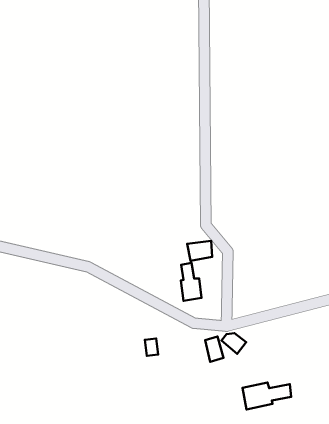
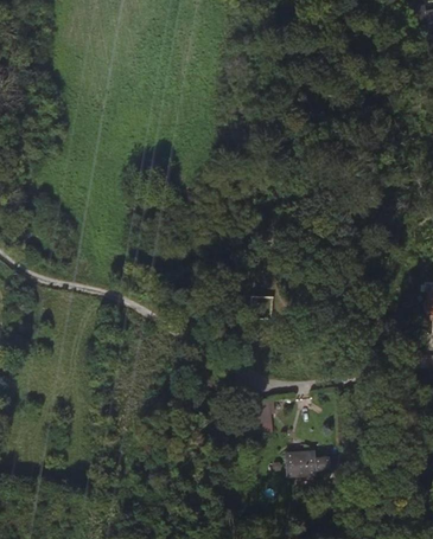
building: [181,263,201,301] -> none

